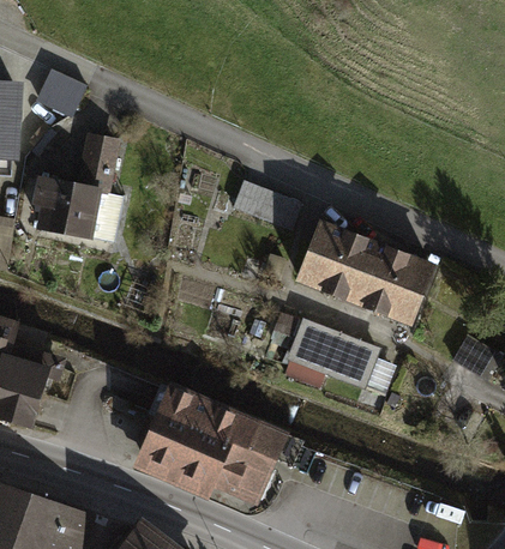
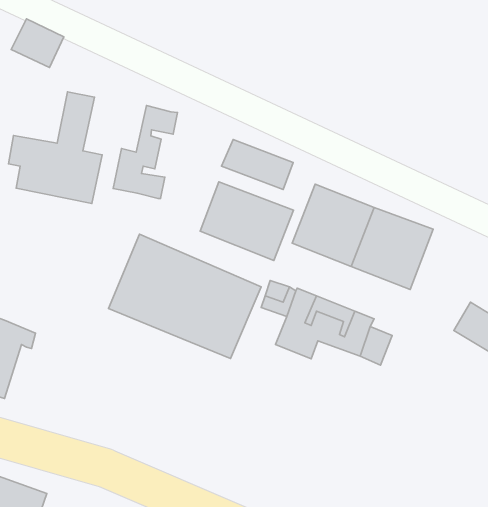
building: none -> [113,106,178,199]
building: none -> [200,182,294,260]
building: [142,384,284,500] -> [109,234,261,359]

